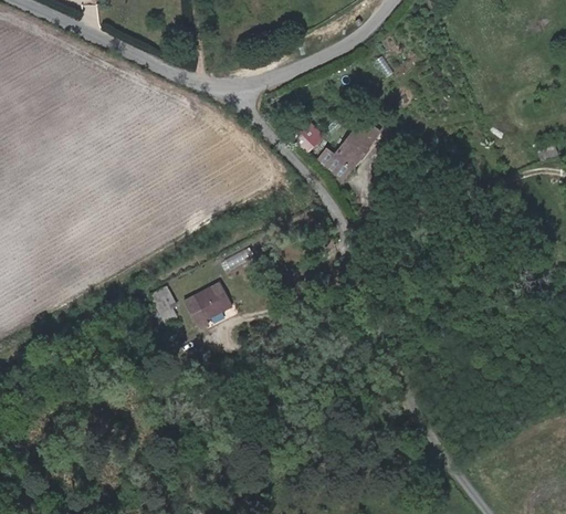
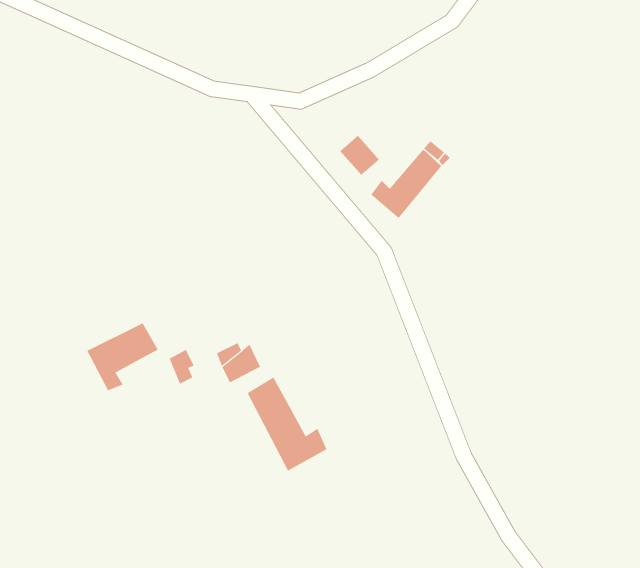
building: none -> [87,322,158,391]
building: none -> [247,377,327,471]

